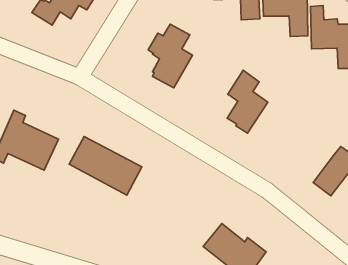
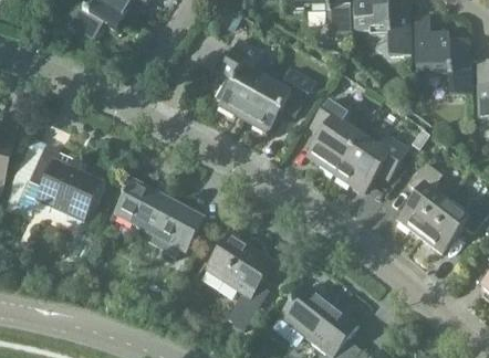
building: none -> [245,65,315,131]
building: none -> [336,135,409,190]
building: none -> [396,160,445,235]
building: none -> [208,232,274,328]

